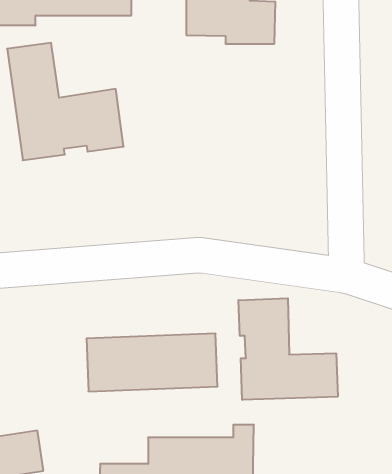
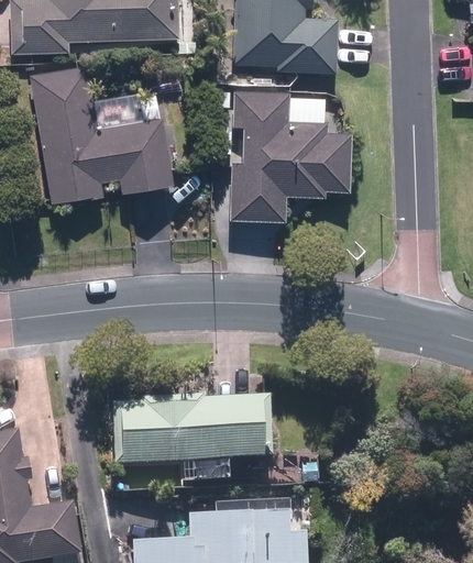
building: none -> [229,92,348,223]
building: [238,298,338,400] -> none

